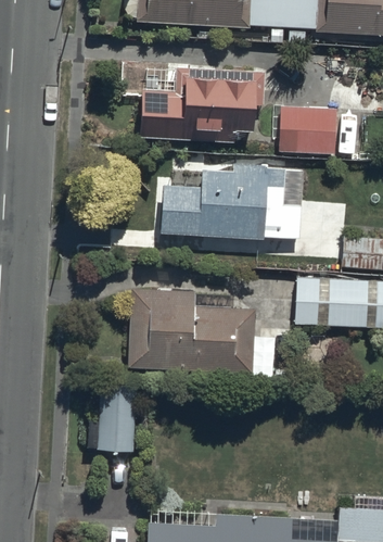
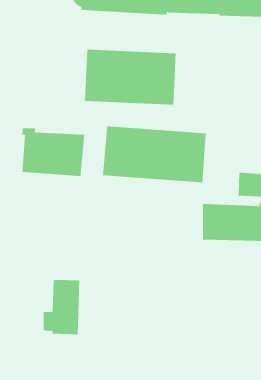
building: [277,105,334,150] -> none
building: none -> [22,127,85,177]
building: [127,287,273,378] -> none

